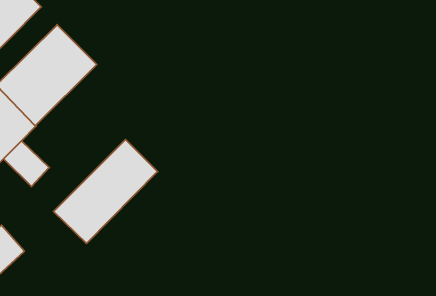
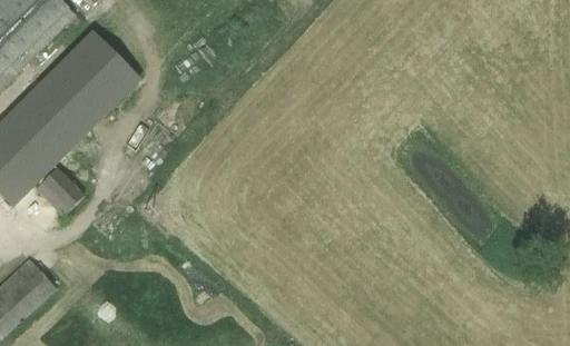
building: [54,140,158,243] -> none

